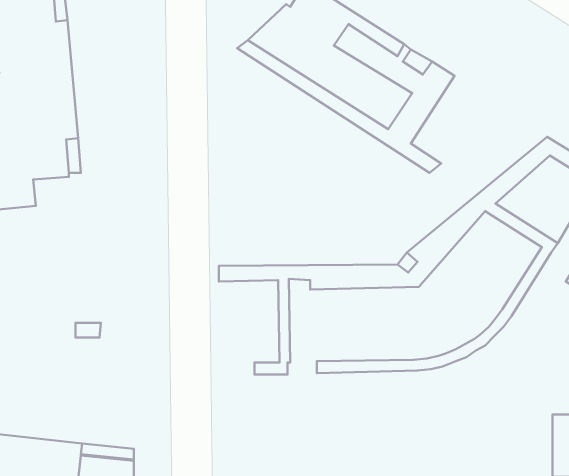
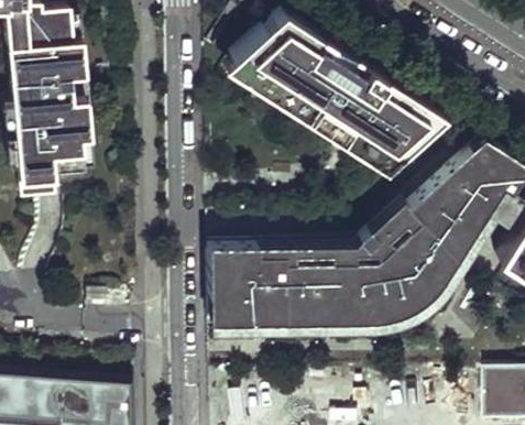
building: none -> [368,90,445,163]
building: none -> [266,203,477,328]
building: none -> [208,260,259,329]

